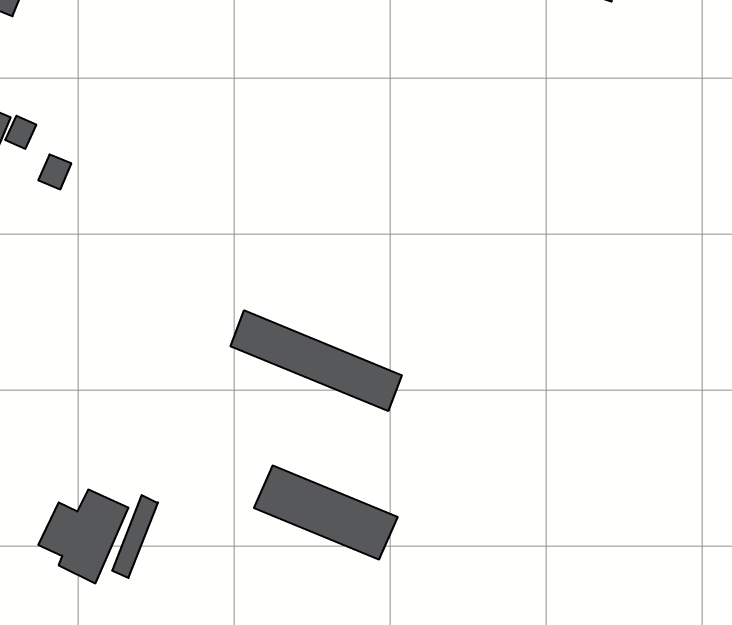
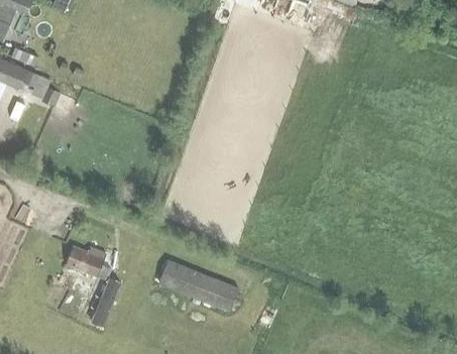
building: [231,310,402,411] -> none
building: none -> [67,248,110,280]

